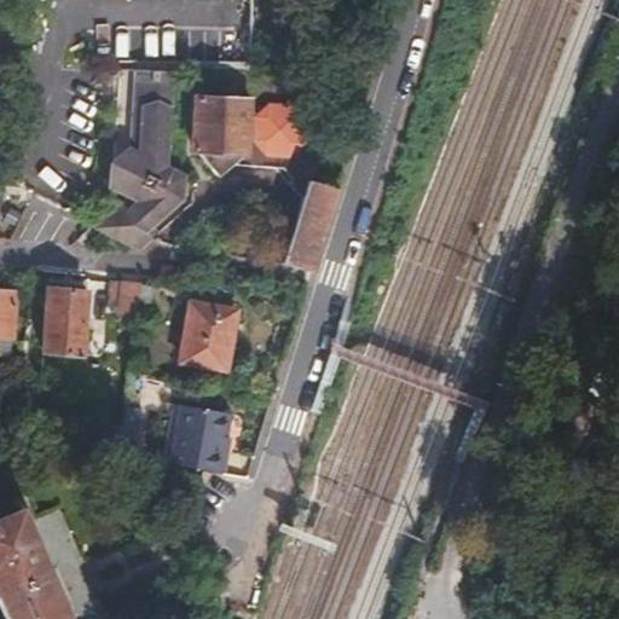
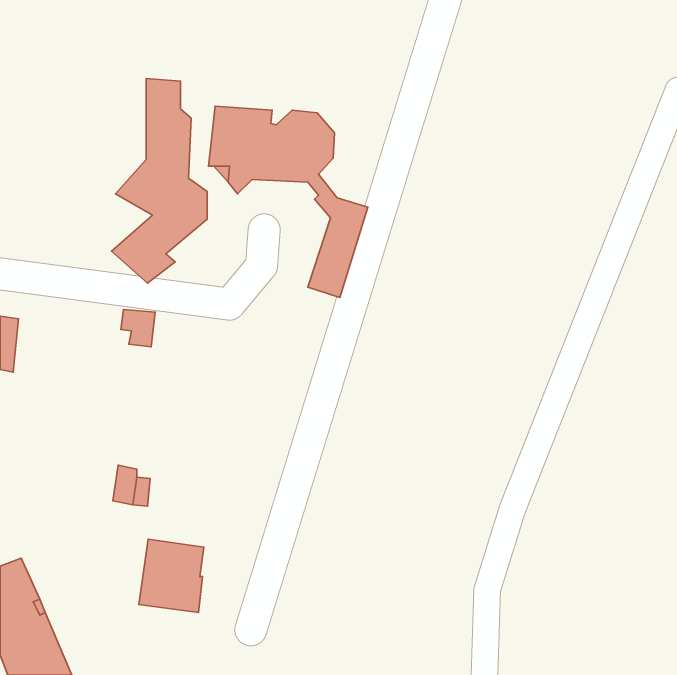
building: [44,285,92,352] -> none
building: [184,302,236,366] -> none
building: [167,406,226,473] -> [139,539,204,612]

